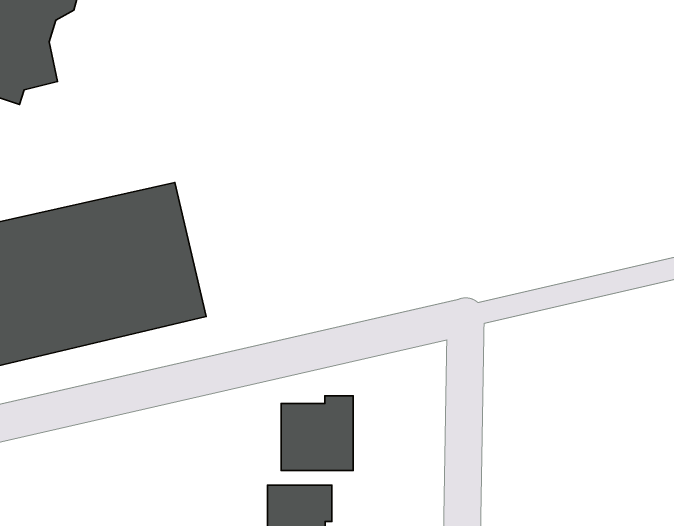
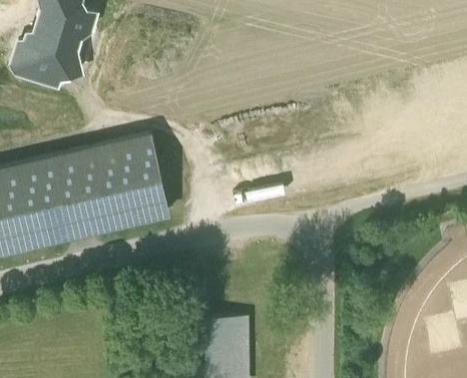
building: [281,396,353,470] -> none

